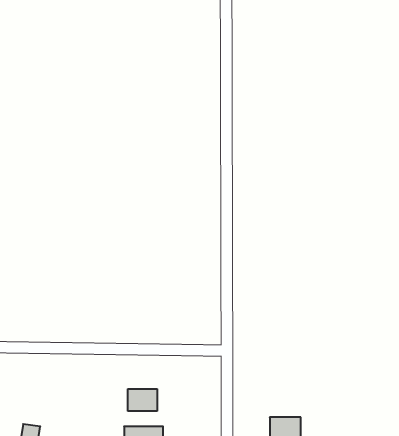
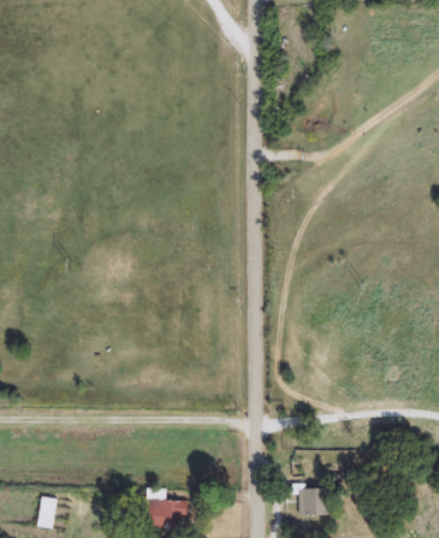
building: [128,389,157,411] -> none

